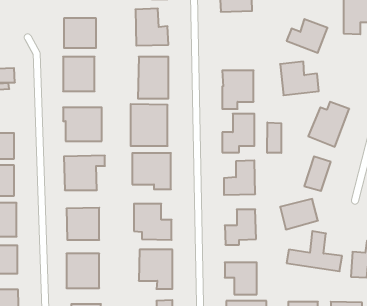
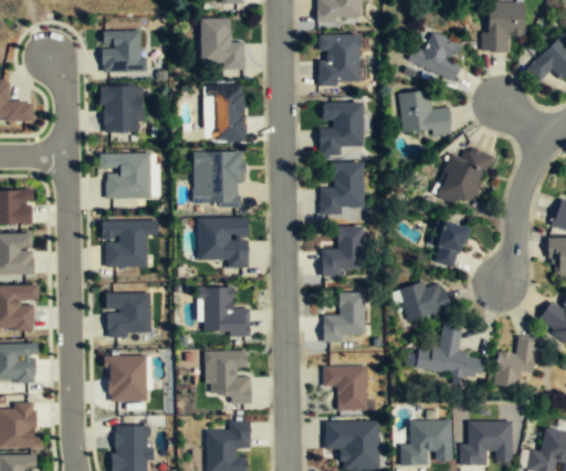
building: none -> [318,35,359,84]
building: [267,122,281,153] -> none

